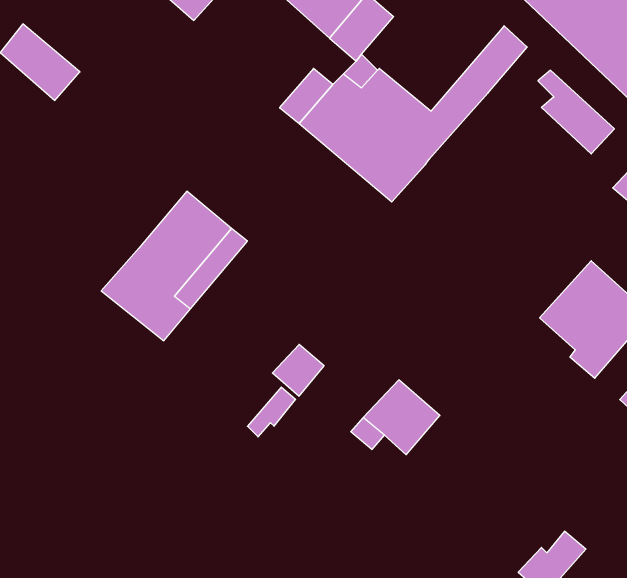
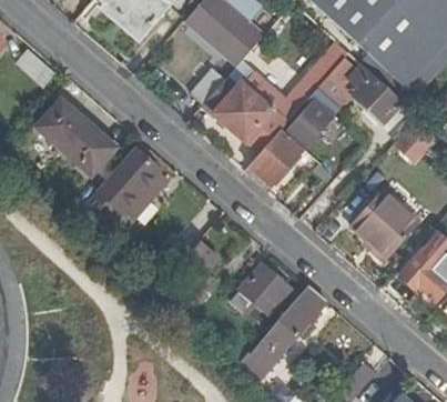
building: none -> [288,86,341,145]
building: none -> [37,98,114,171]
building: none -> [250,130,303,184]
building: none -> [252,284,327,365]

